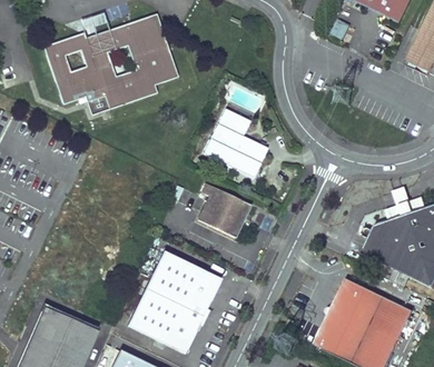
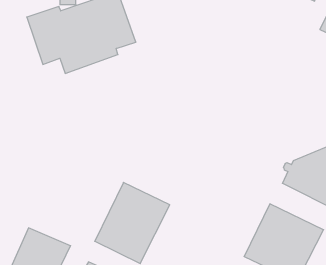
building: [203,108,267,177] -> none
building: [197,181,250,237] -> none

